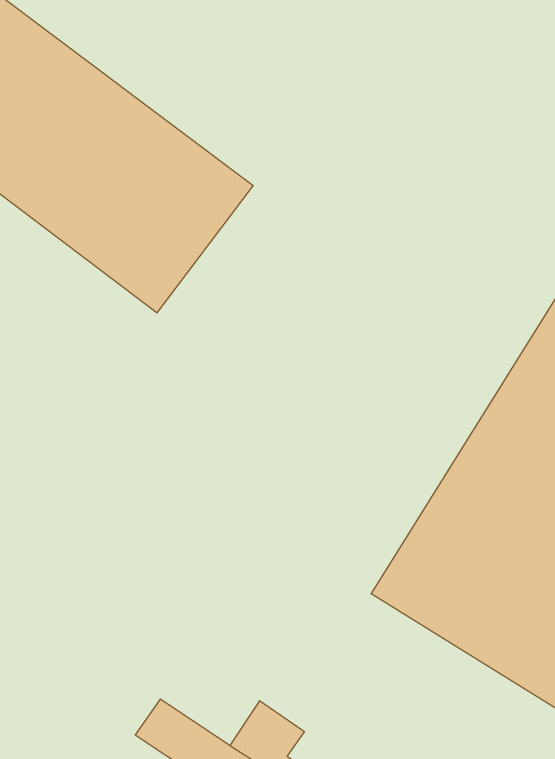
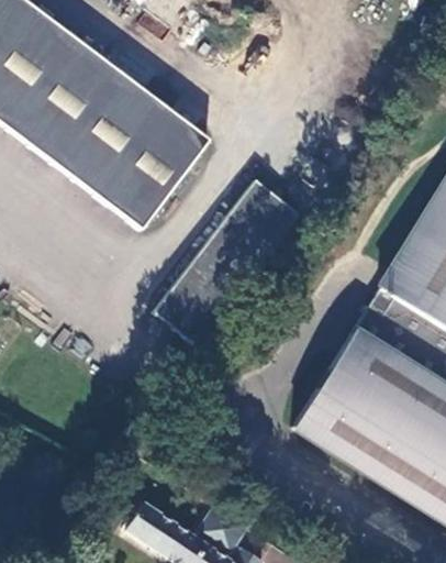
building: none -> [154,178,300,344]

